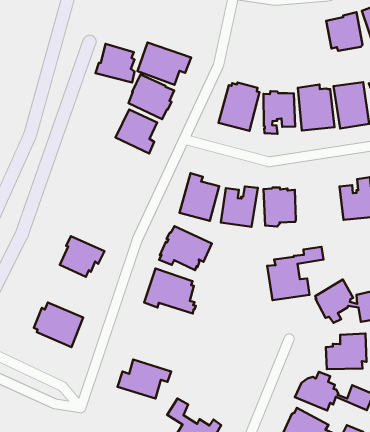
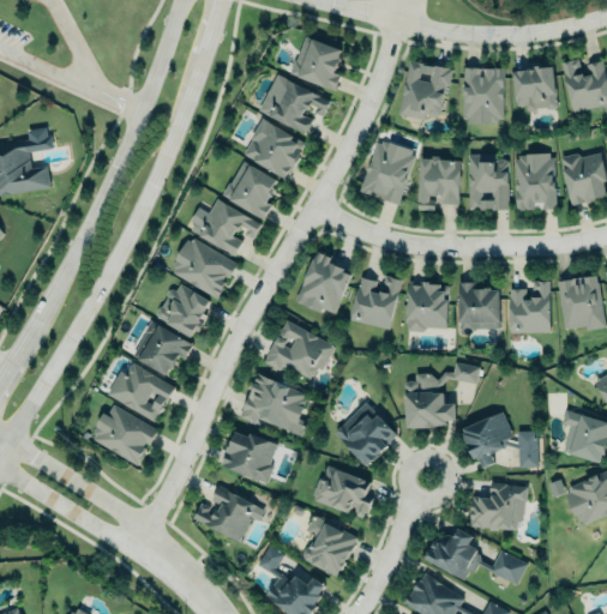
building: none -> [397,56,453,120]
building: none -> [463,68,504,125]
building: [95,44,135,83] -> [289,36,342,90]
building: none -> [197,197,262,254]
building: none -> [173,236,238,297]
building: none -> [458,281,499,330]
building: none -> [156,284,210,336]
building: none -> [107,361,175,421]
building: none -> [335,403,398,466]
building: none -> [221,432,280,483]
building: none -> [314,468,371,518]
building: none -> [301,516,357,578]

